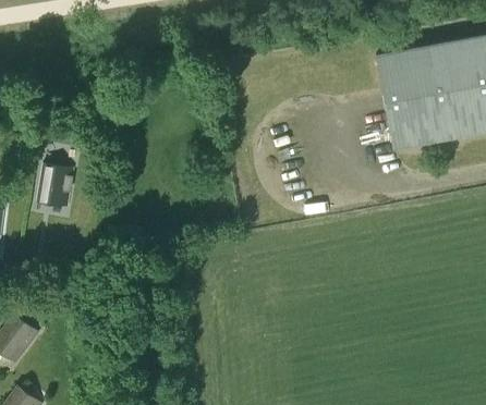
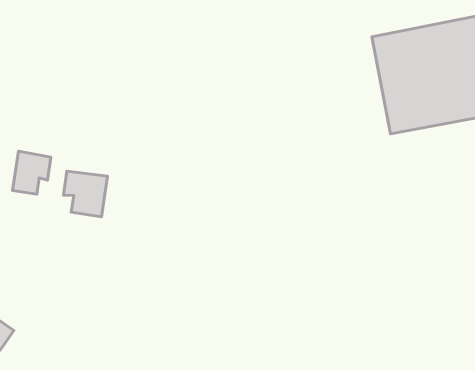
building: none -> [63,171,108,217]

